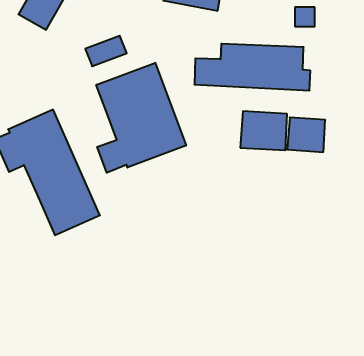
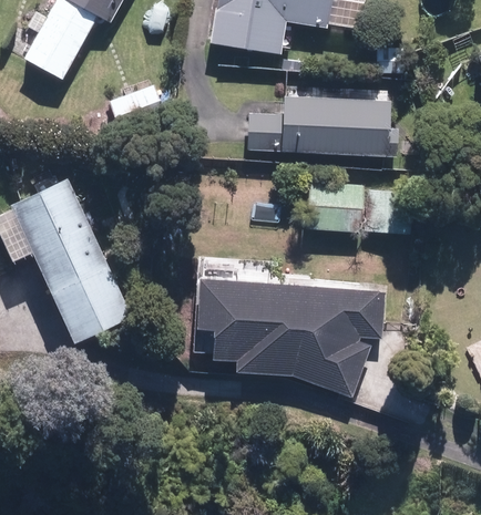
building: [96,63,186,173] -> none
building: none -> [198,278,388,398]

